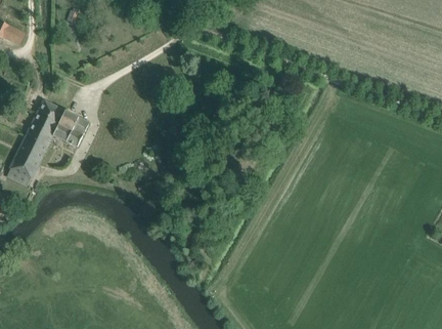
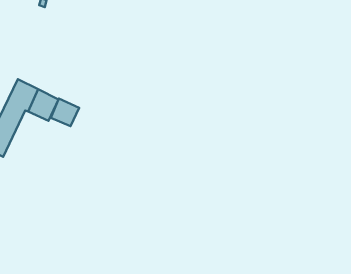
building: none -> [51,99,79,126]

